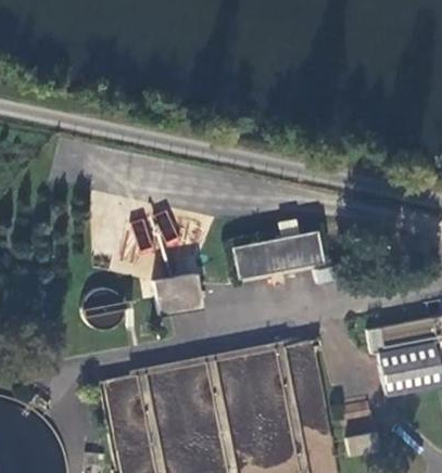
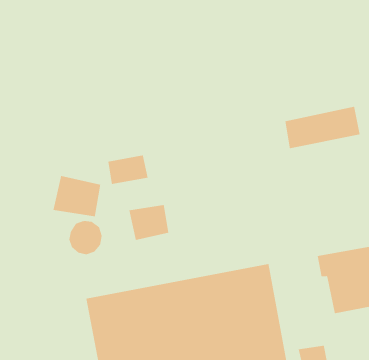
building: [233,227,320,276] -> [284,106,361,149]
building: none -> [53,175,101,217]

